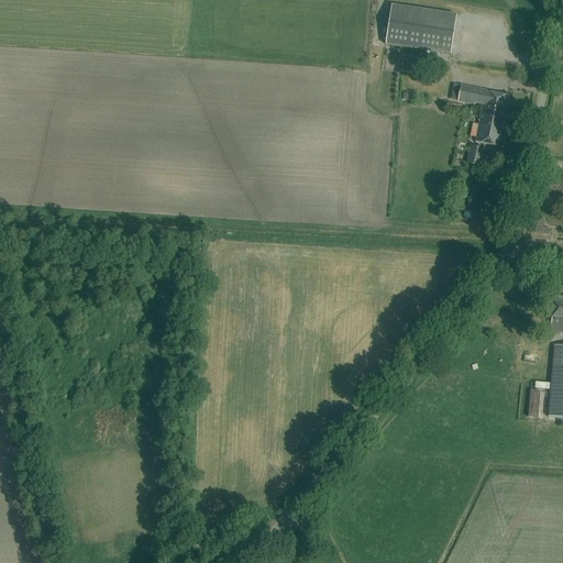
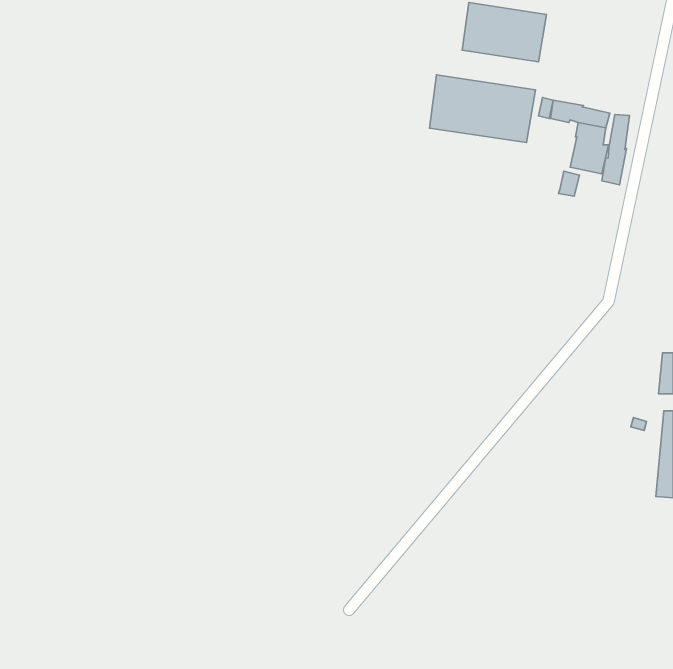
building: none -> [429,75,536,143]
building: none -> [602,114,629,185]

